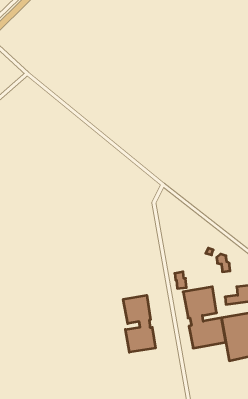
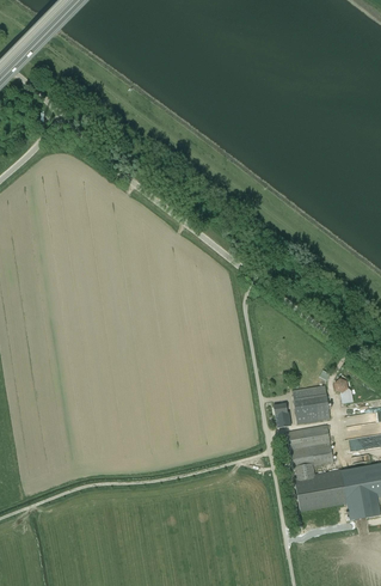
building: none -> [293,385,330,425]
building: [123,295,155,352] -> none

